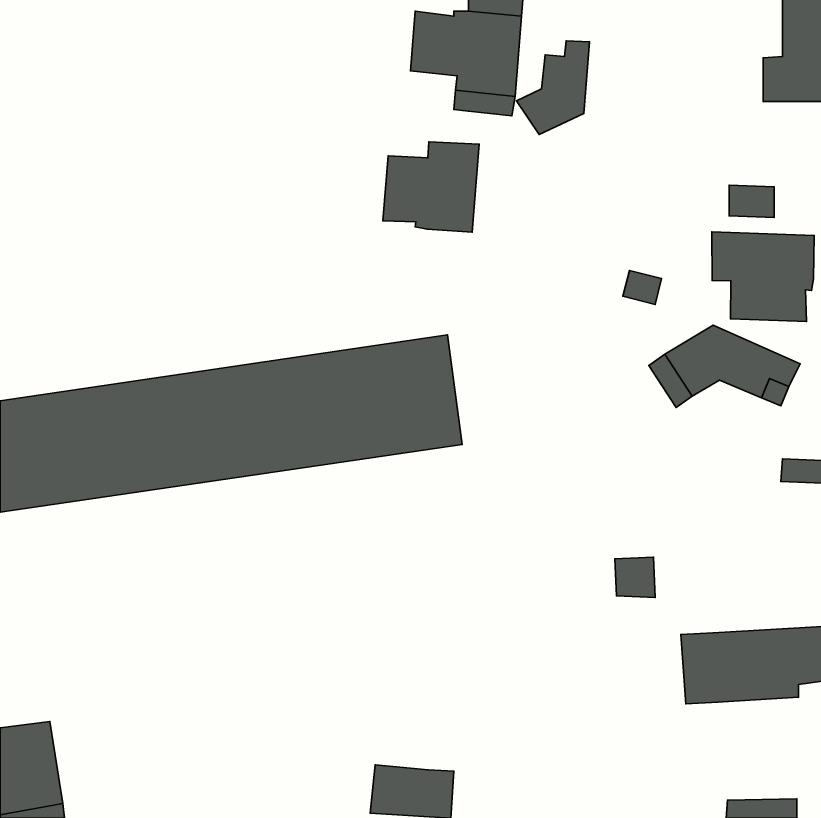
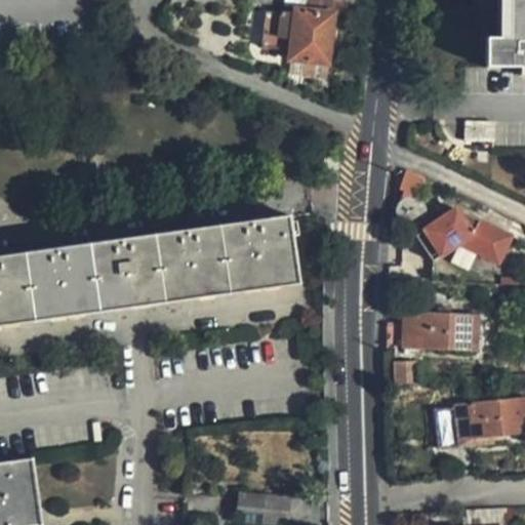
building: [517,41,590,134] -> none
building: [383,142,479,232] -> none
building: [712,232,814,322] -> none
building: none -> [386,311,478,353]

